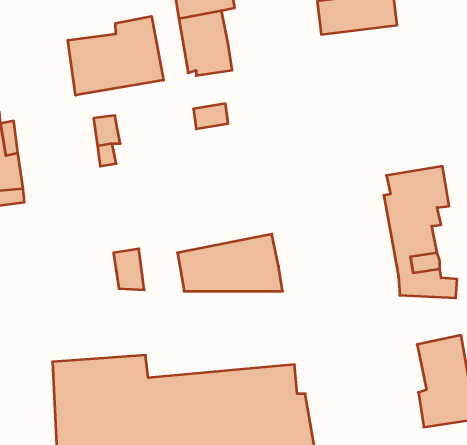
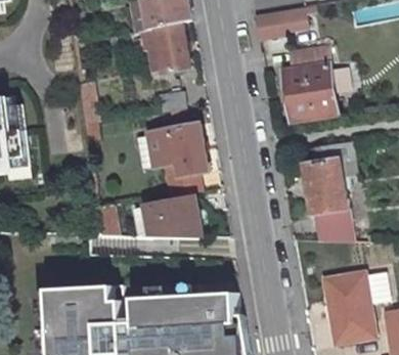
building: [68,16,164,95] -> none
building: none -> [280,44,335,120]
building: none -> [133,122,207,195]

